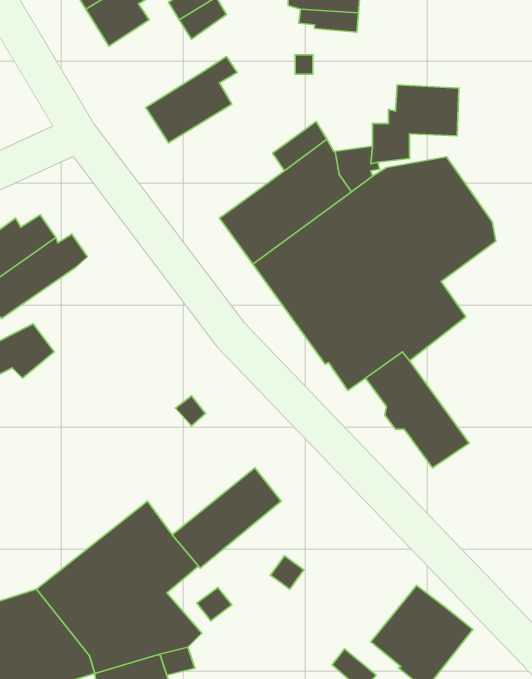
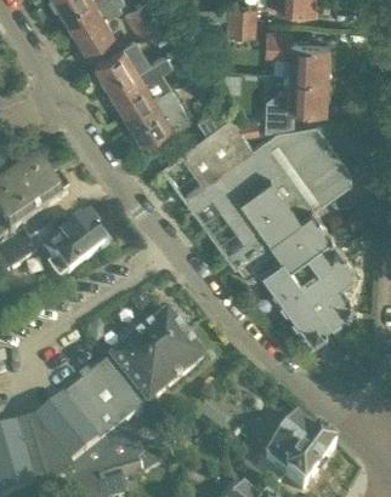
building: none -> [92,40,147,90]
building: none -> [278,41,327,76]
building: none -> [124,87,175,139]
building: none -> [41,218,109,284]
building: none -> [290,234,351,321]
building: none -> [108,315,183,384]

